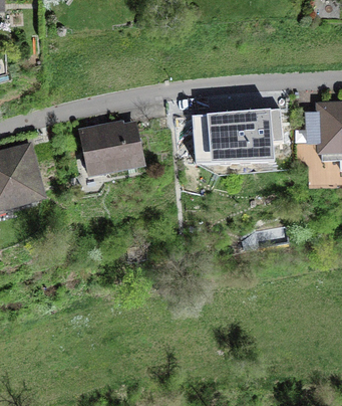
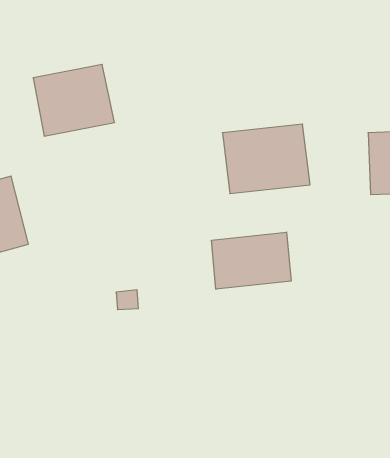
building: [80,123,146,181] -> [33,64,115,136]
building: none -> [212,232,291,289]

